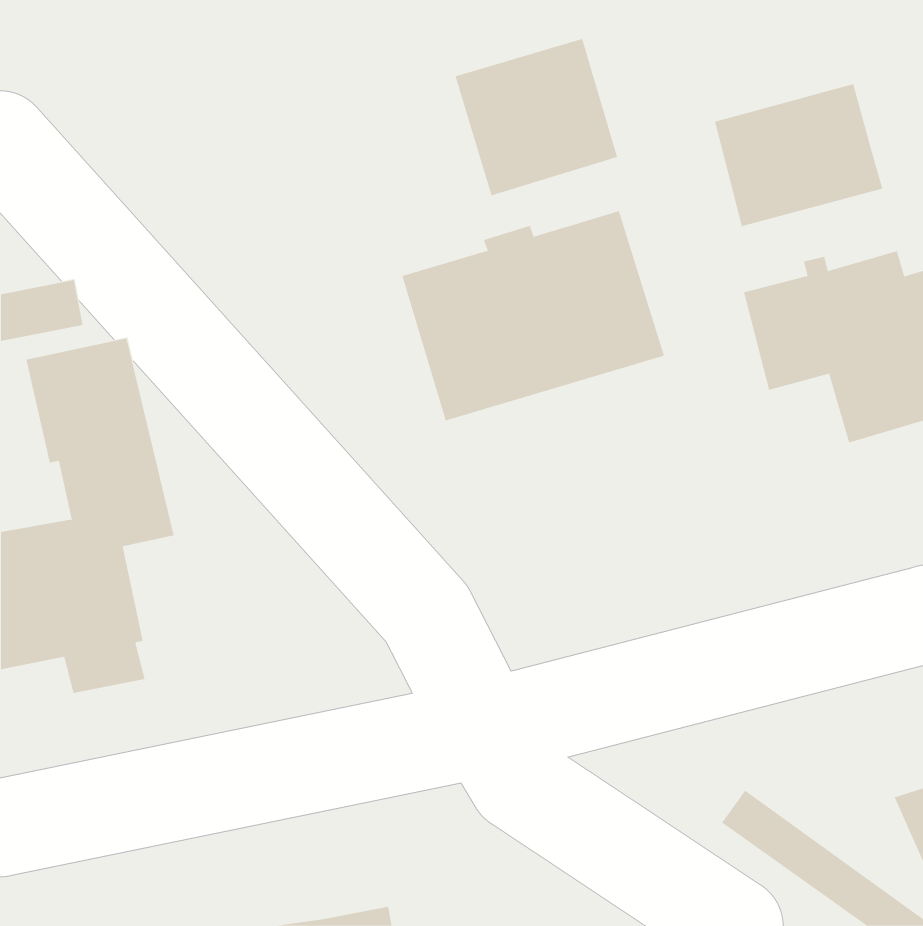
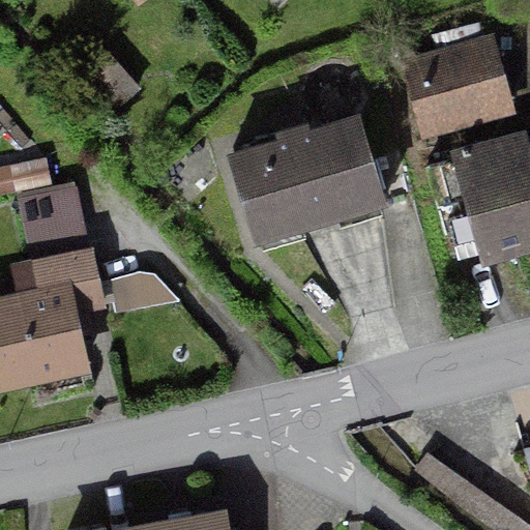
building: [455,38,618,196] -> none

